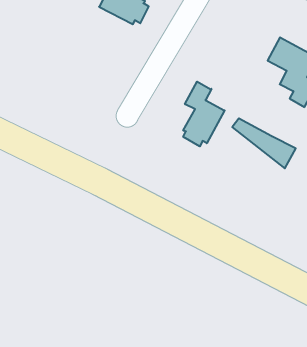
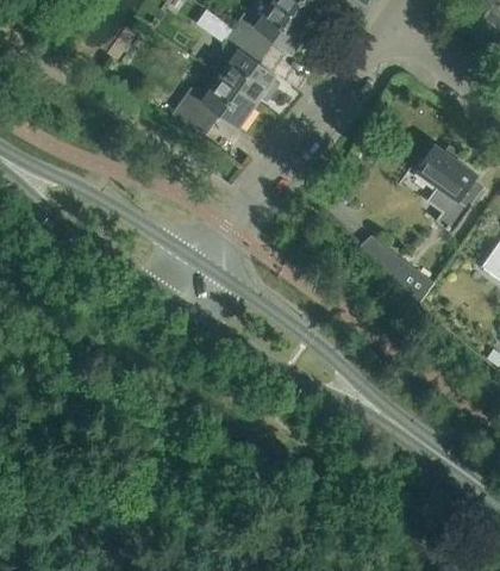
building: none -> [171,74,258,139]
building: [183,82,225,146] -> none

